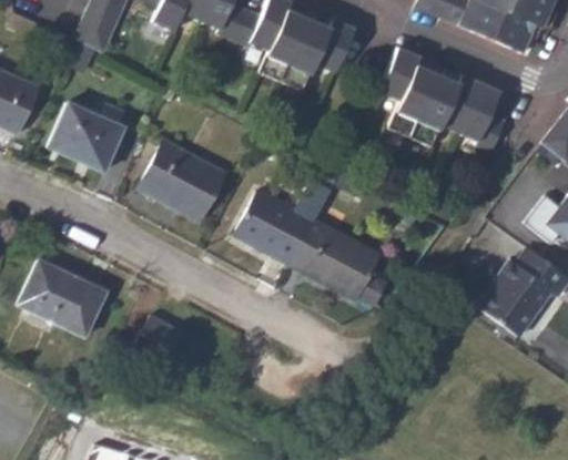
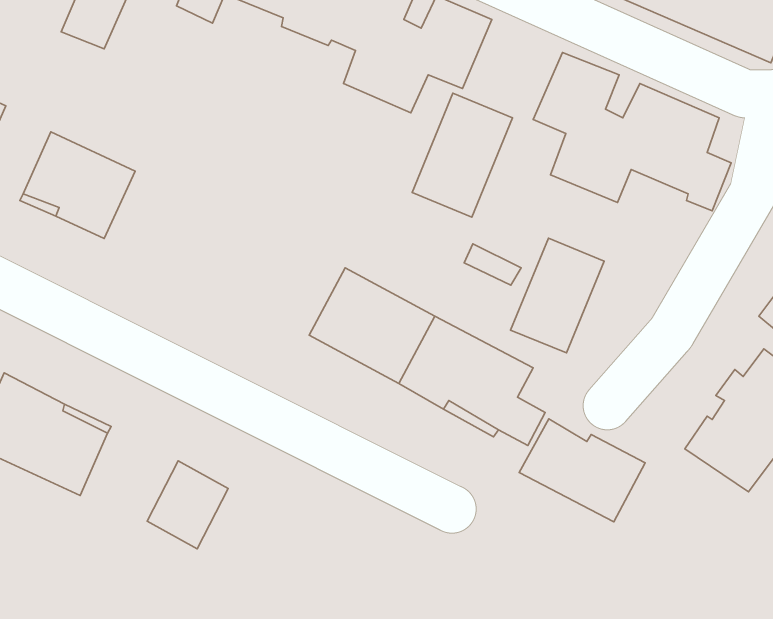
building: none -> [412,93,513,217]
building: [139,140,226,221] -> none
building: none -> [511,238,604,353]
building: none -> [519,419,645,522]

